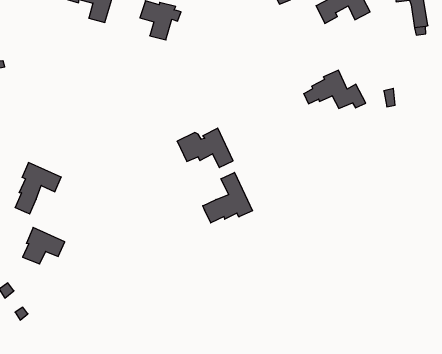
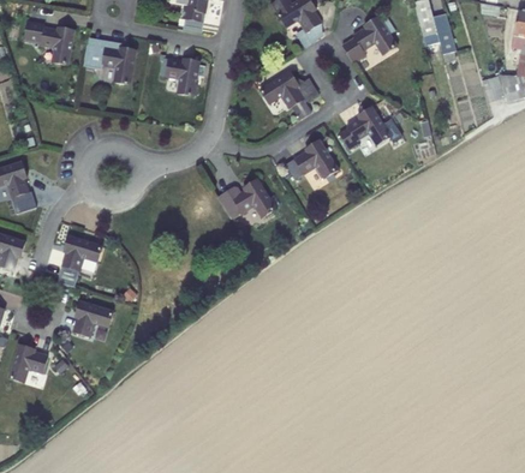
building: none -> [259,71,318,109]
building: none -> [294,140,338,179]
building: [203,172,252,223] -> none

